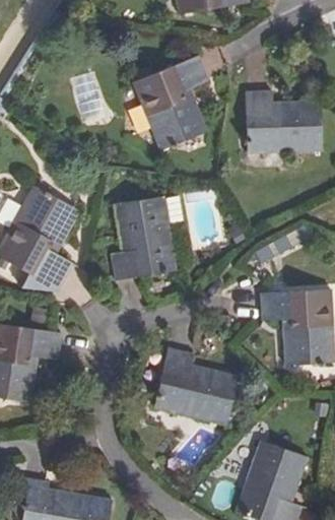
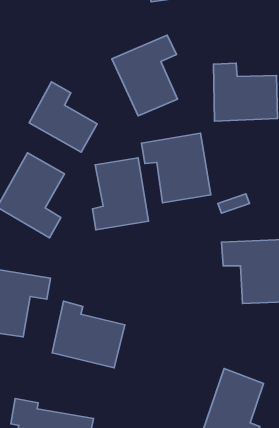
building: none -> [29,82,97,152]
building: none -> [141,133,211,203]
building: [154,347,239,425] -> [52,301,125,368]

